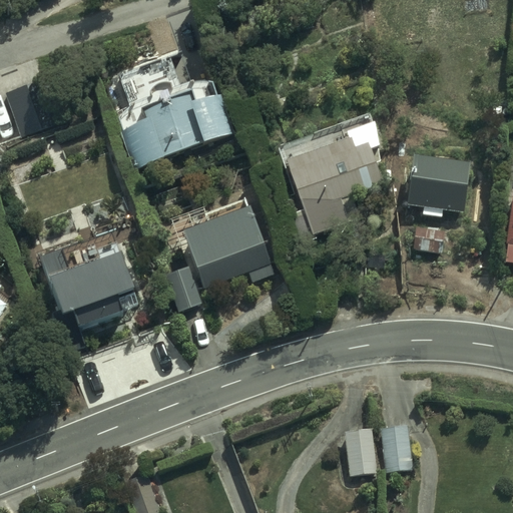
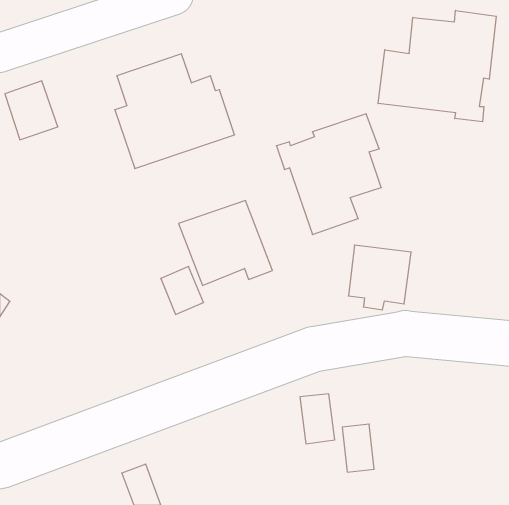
building: none -> [378,10,496,122]
building: [409,157,472,222] -> [348,245,411,310]
building: [37,225,141,329] -> none
building: [377,425,412,475] -> [300,394,335,444]

